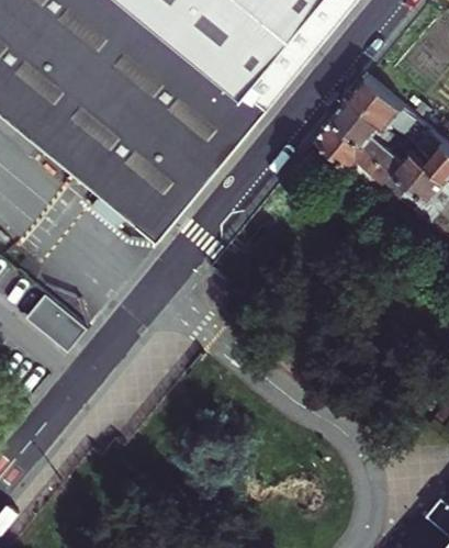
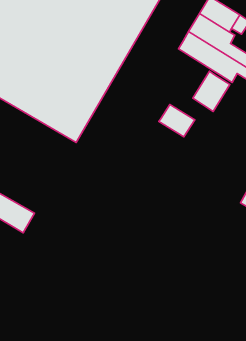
building: none -> [193,71,230,111]
building: none -> [159,105,195,137]

